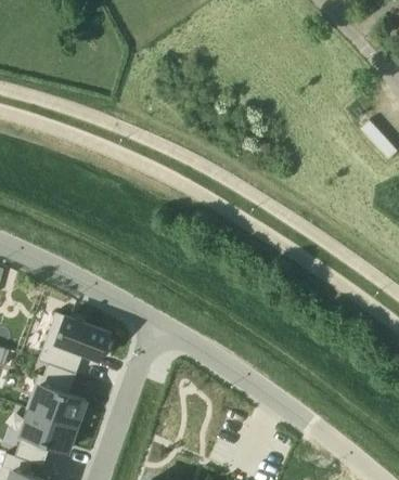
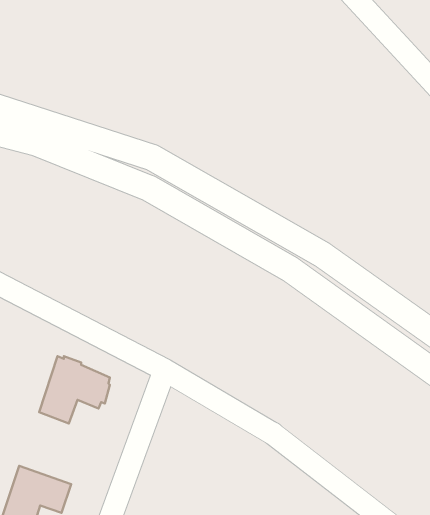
building: [29,364,85,427] -> none

